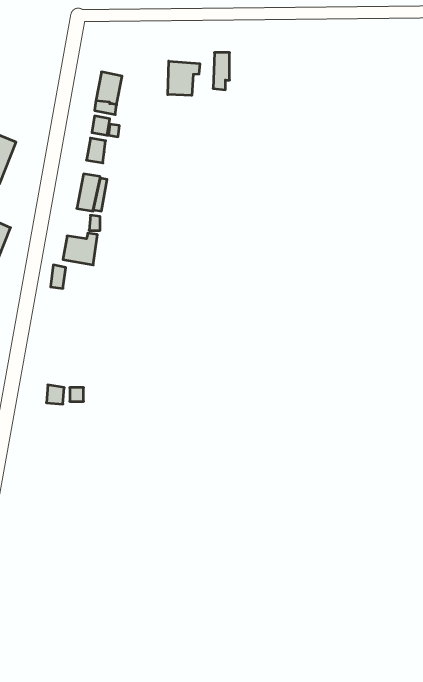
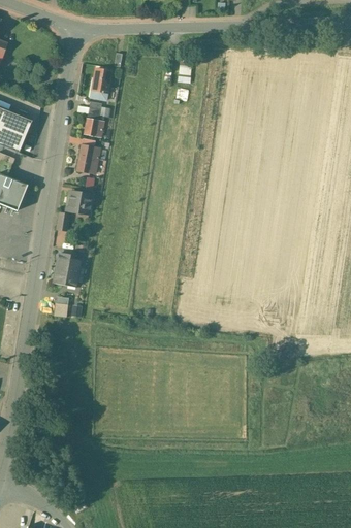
building: [168,61,200,95] -> none
building: none -> [53,253,81,286]

